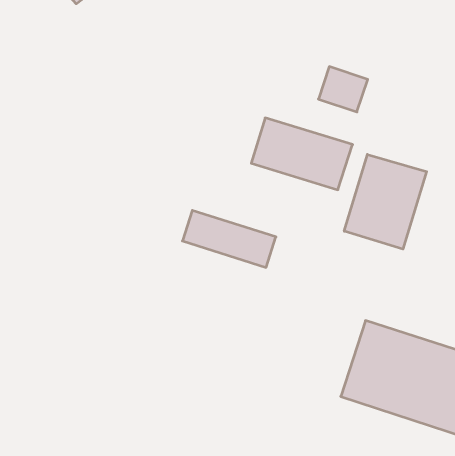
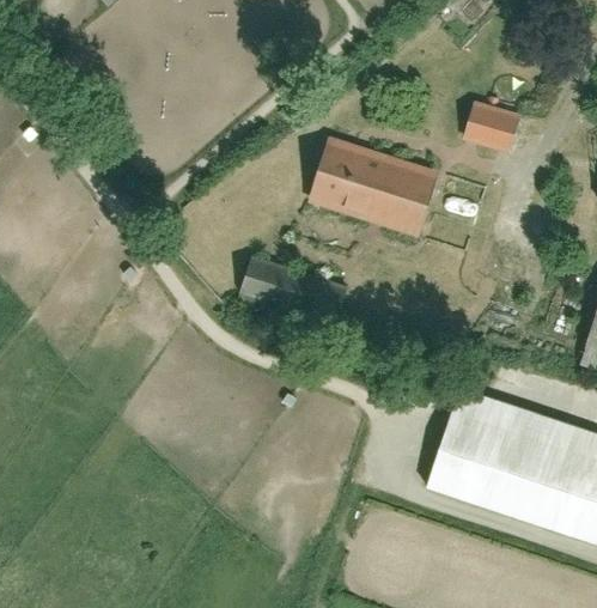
building: [318,67,368,112] -> [458,98,518,153]
building: [344,154,427,249] -> none

